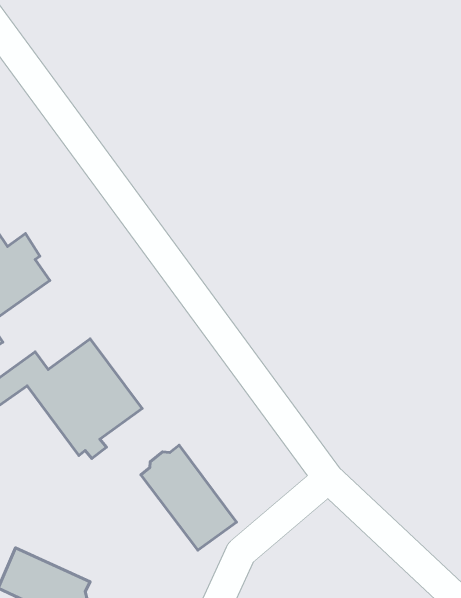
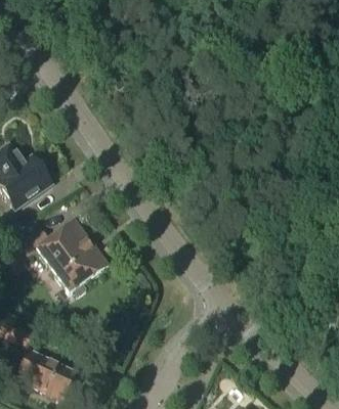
building: [141,445,236,550] -> none

